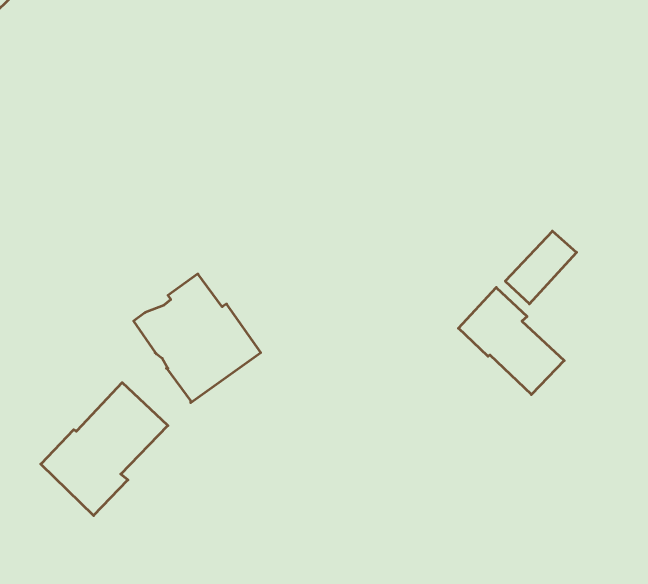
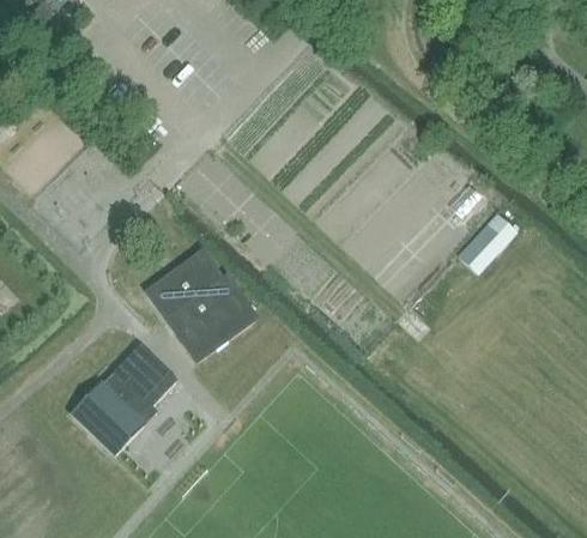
building: [458,287,564,395] -> none

